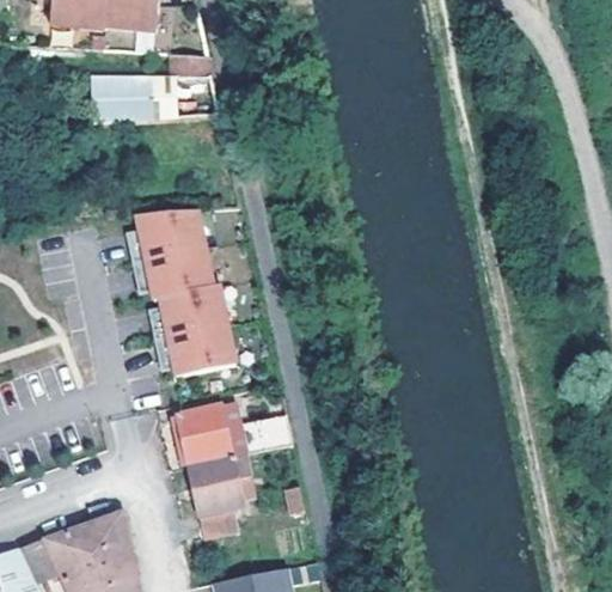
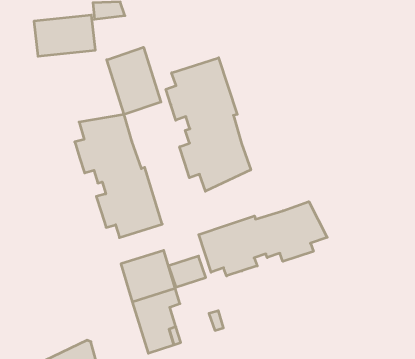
building: none -> [107,47,161,115]
building: none -> [166,58,251,191]
building: none -> [199,202,327,276]

